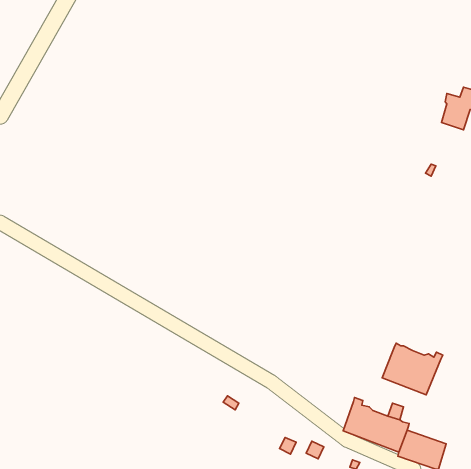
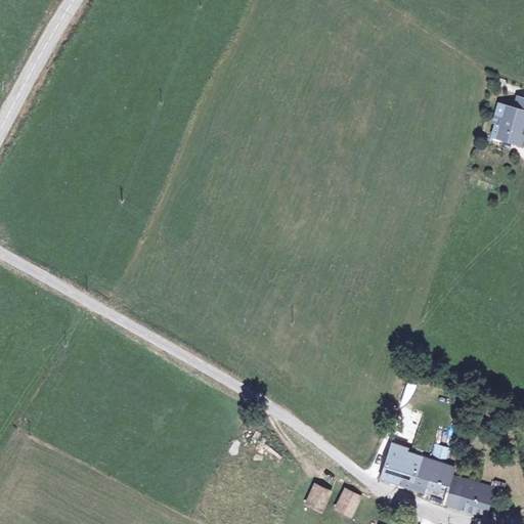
building: [382,343,443,395] -> none

